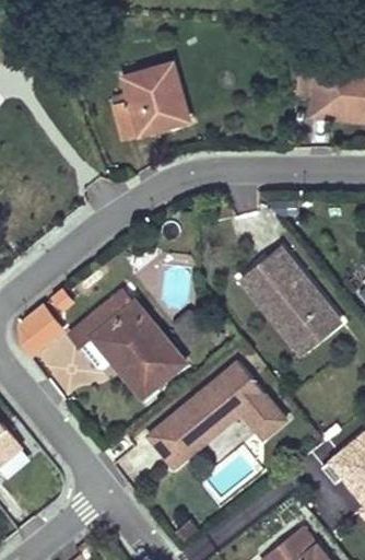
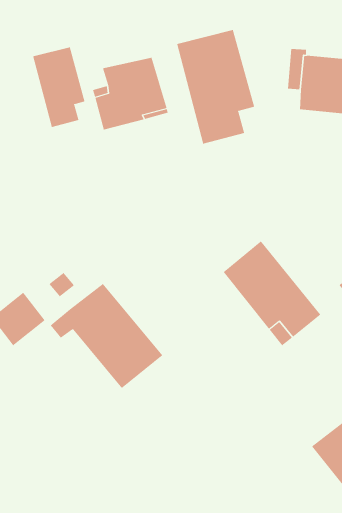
building: none -> [176,29,255,145]
building: none -> [33,46,85,128]
building: [145,363,284,469] -> none

